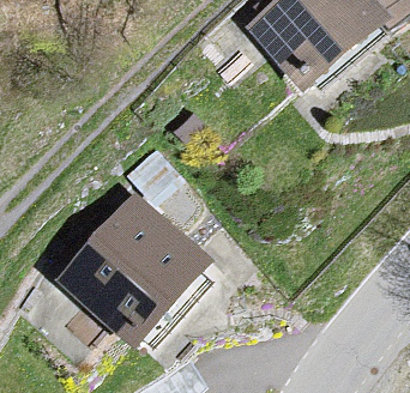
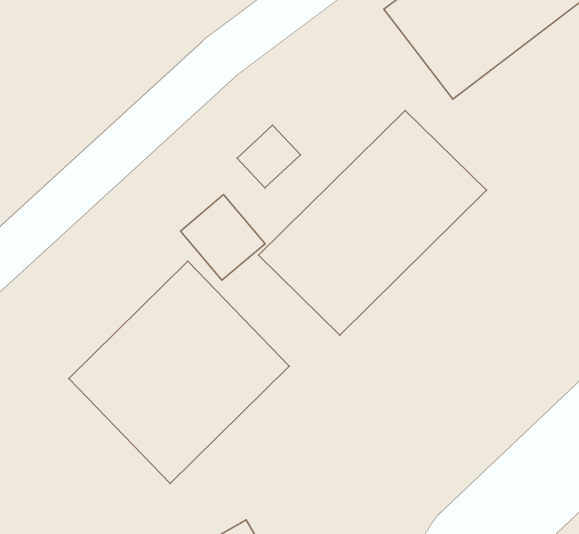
building: none -> [259,110,487,335]

